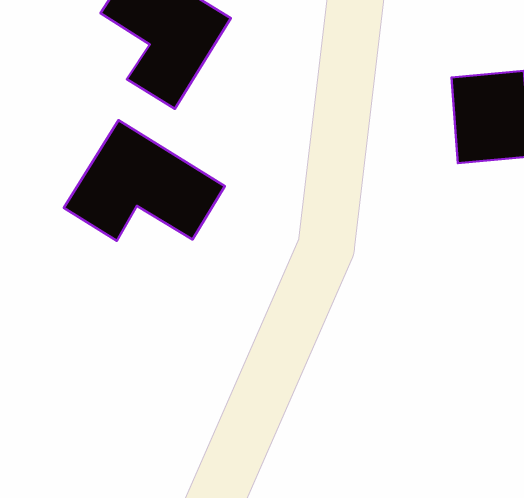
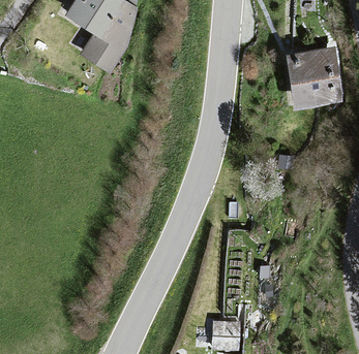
building: [64,120,225,241] -> none

